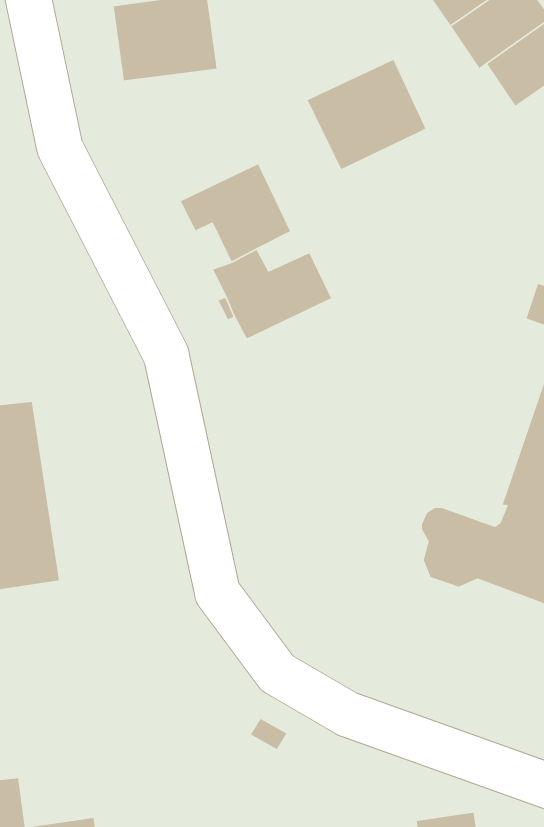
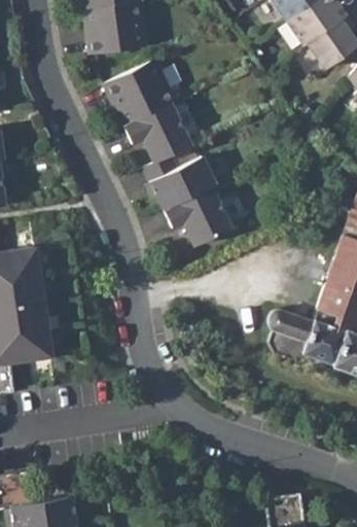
building: [307,59,426,170] -> [104,59,176,126]
building: none -> [165,186,231,246]

